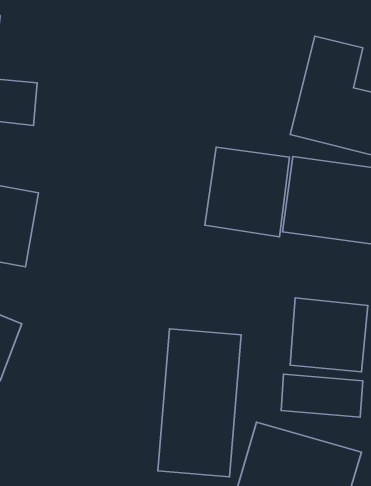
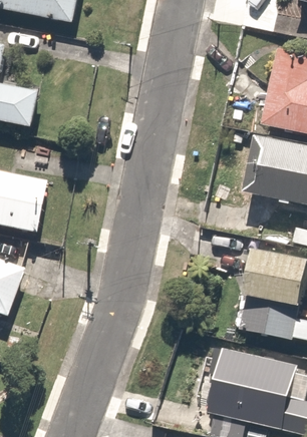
building: [205,147,290,237] -> none
building: [158,329,241,477] -> none

